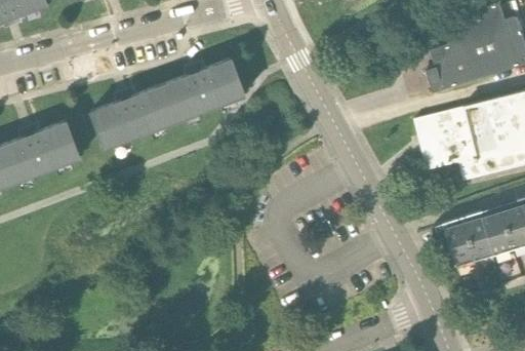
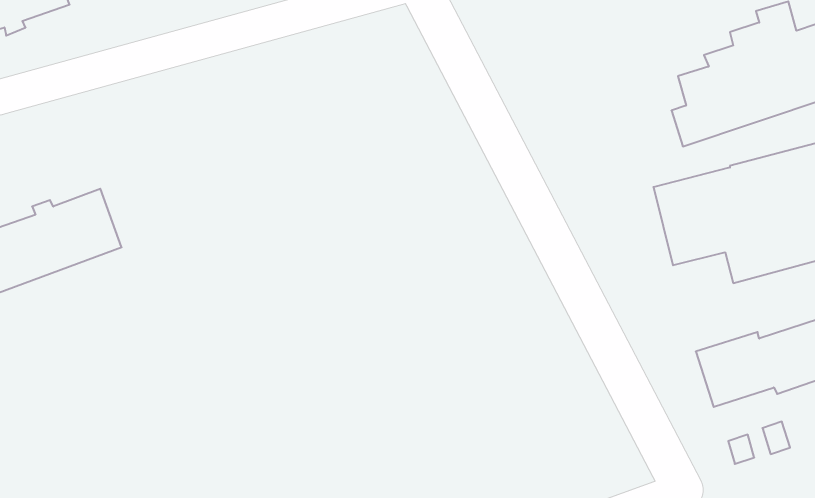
building: [90,60,244,148] -> none

